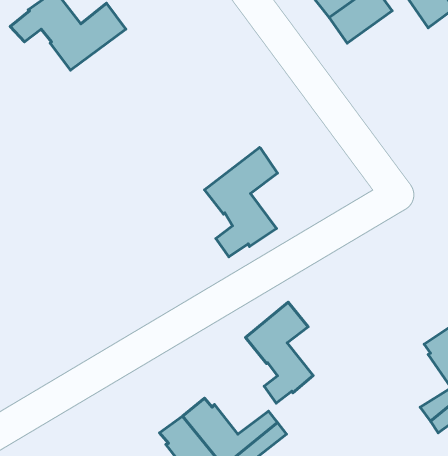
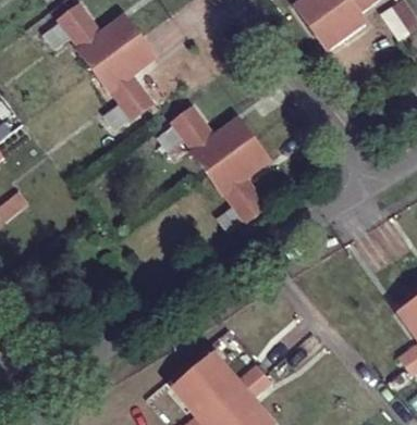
building: none -> [94,37,156,128]
building: none -> [158,107,254,173]
building: [245,302,313,403] -> none

